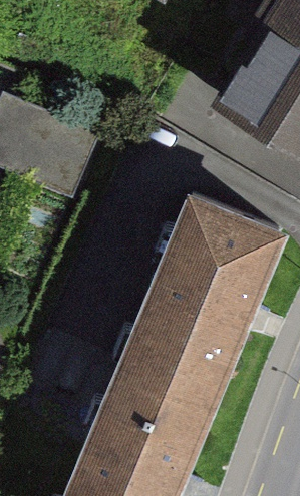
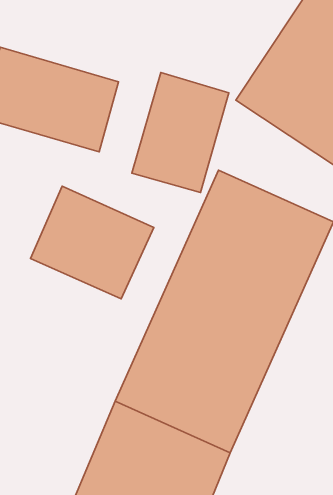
building: none -> [132,73,229,192]
building: none -> [30,186,154,299]

